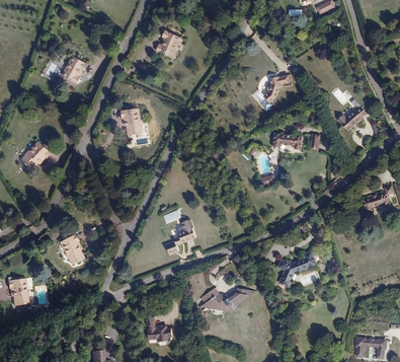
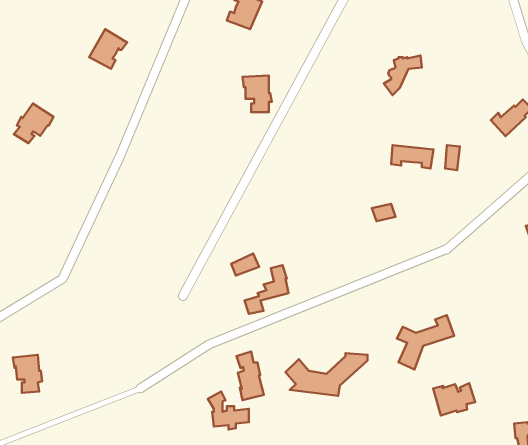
building: [123,107,143,133] -> [242,76,272,112]
building: [21,140,49,167] -> [14,103,53,143]
building: [62,233,86,264] -> none
building: none -> [237,352,264,400]
building: none -> [433,383,475,416]

